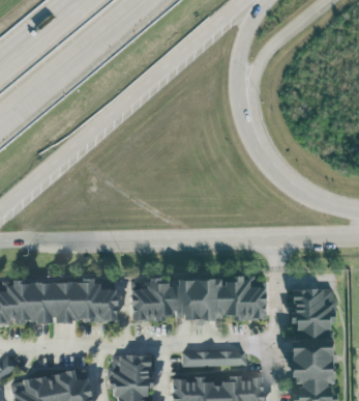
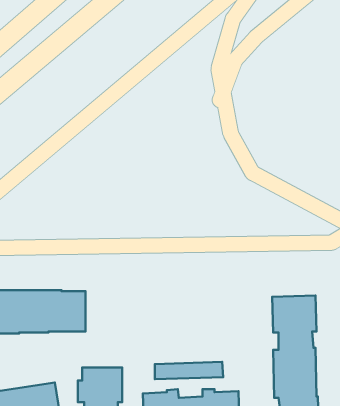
building: [131,277,269,320] -> none

